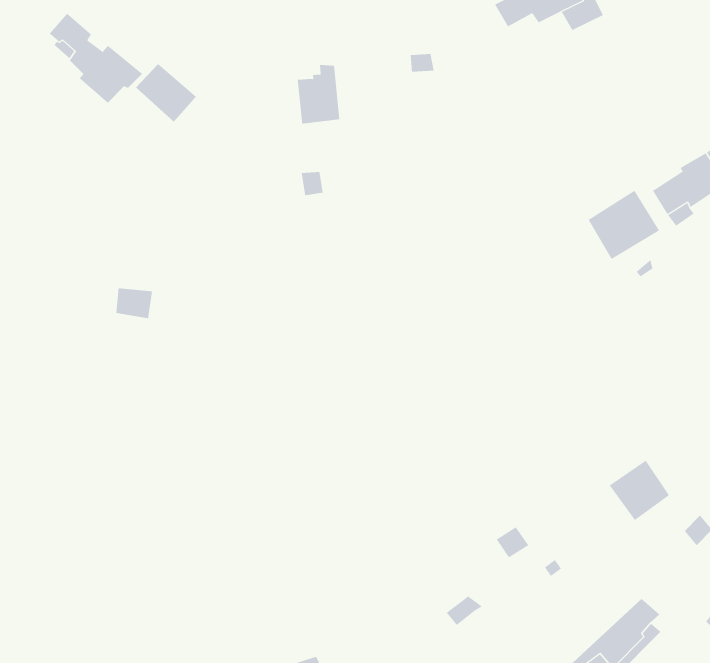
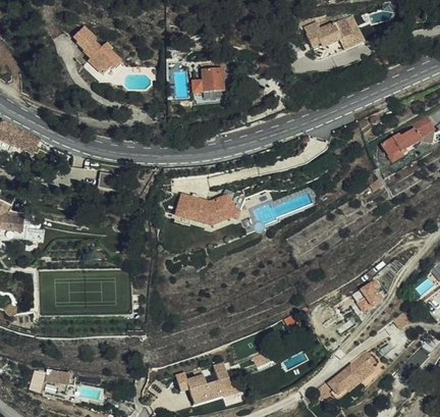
building: [135,63,197,123] -> none
building: [588,190,660,260] -> none
building: none -> [172,192,235,228]

